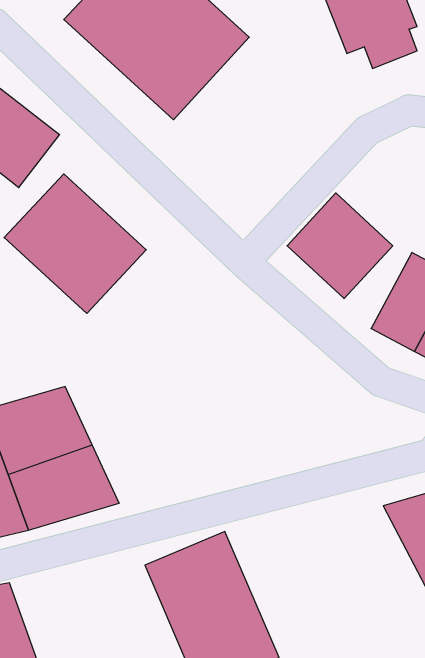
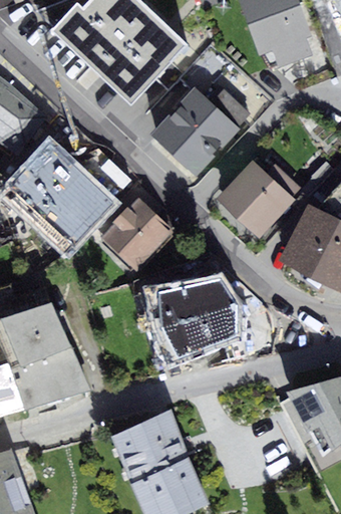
building: none -> [149,86,250,176]
building: none -> [100,197,173,269]
building: none -> [143,270,249,376]

